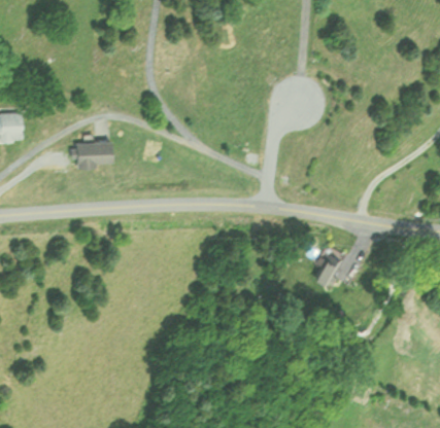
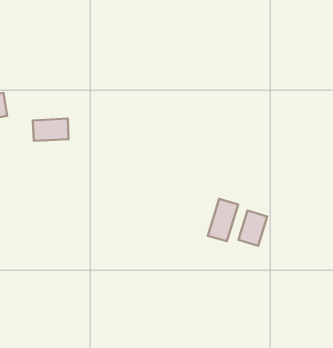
building: none -> [208,199,238,241]

